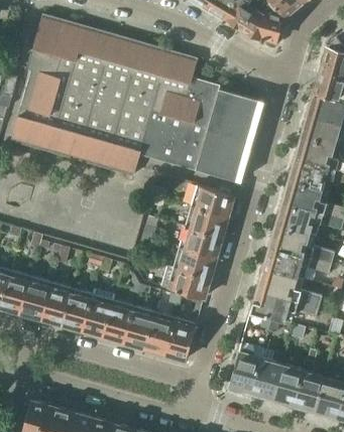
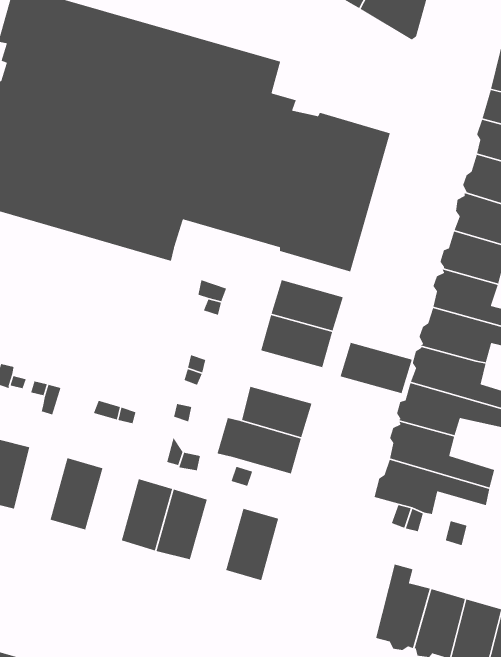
building: [180,227,222,257] -> [340,342,413,394]
building: [43,282,74,324] -> none
building: [85,289,116,336] -> none
building: [145,312,176,353] -> none
building: [229,342,263,393] -> none

